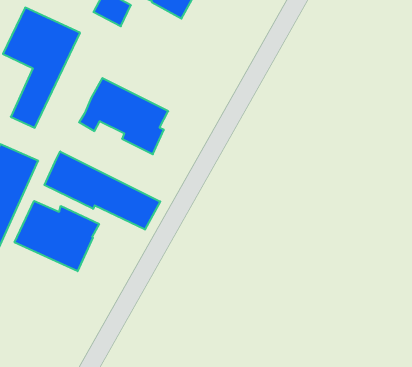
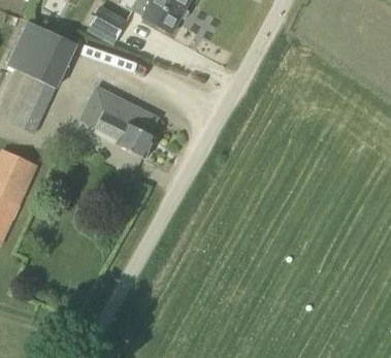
building: [44,151,160,230] -> none
building: [15,201,99,271] -> none

